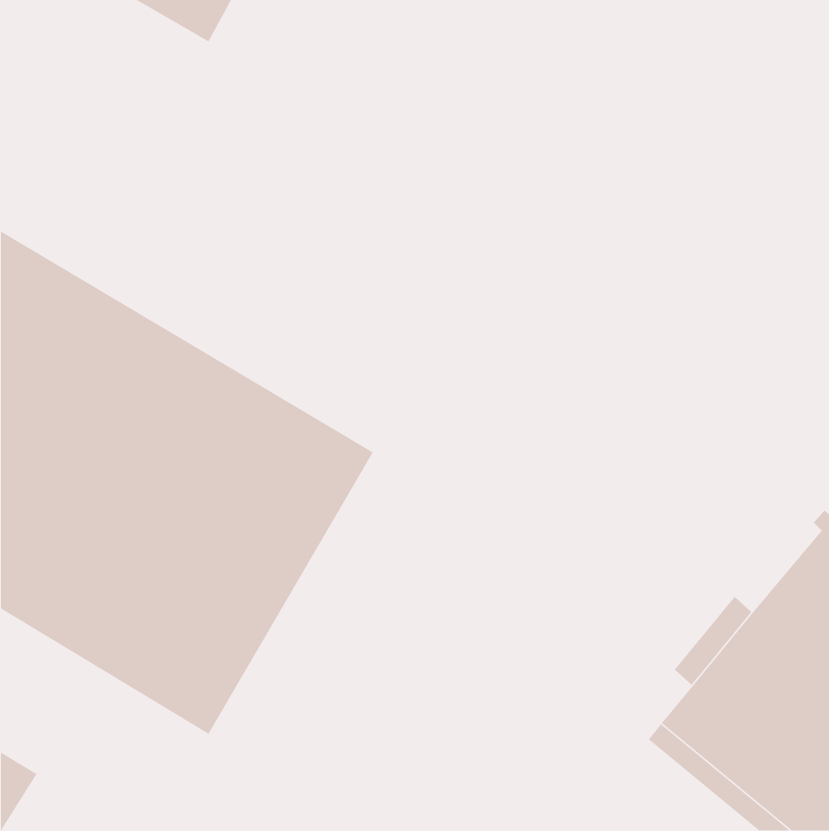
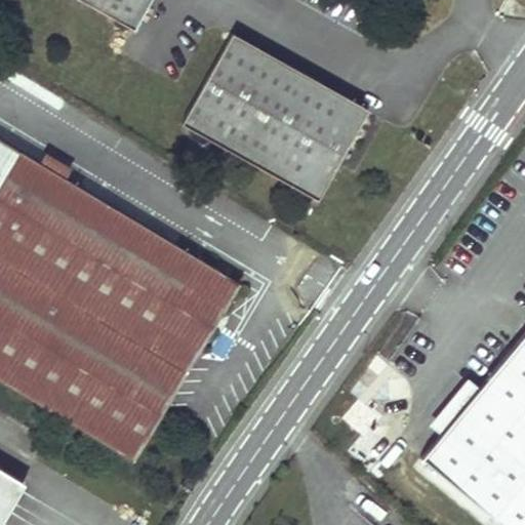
building: none -> [181,34,364,195]

